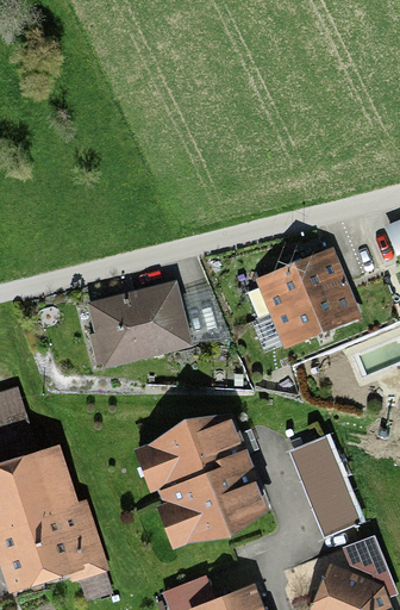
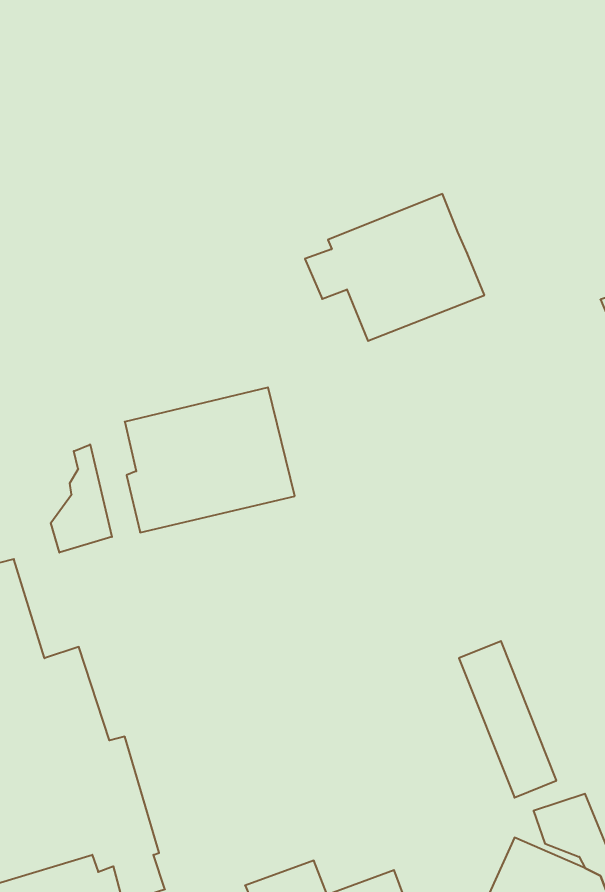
building: [245,253,357,344] -> [305,194,484,341]
building: none -> [51,444,112,553]
building: [136,419,261,547] -> none

